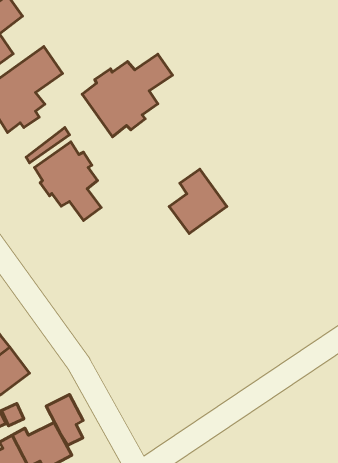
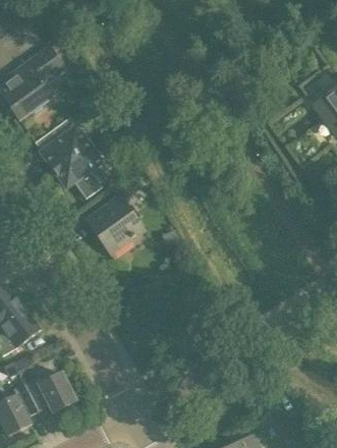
building: [82,54,172,137] -> none
building: [169,169,227,234] -> [93,197,143,253]
building: [46,394,83,445] -> none

